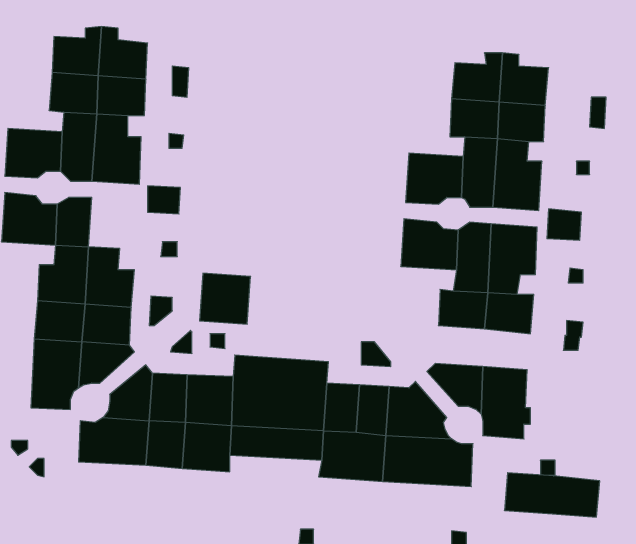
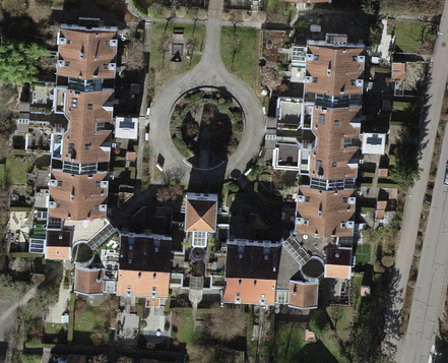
building: none -> [80,128,111,160]
building: [200,273,251,324] -> [185,197,216,229]
building: [504,473,600,517] -> [295,207,354,235]

